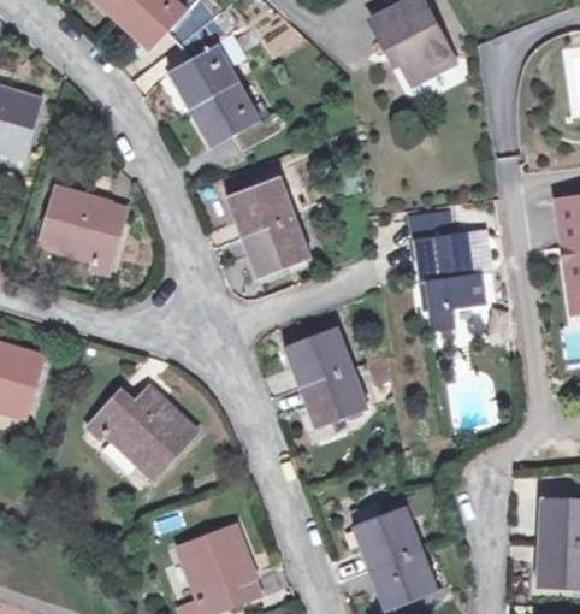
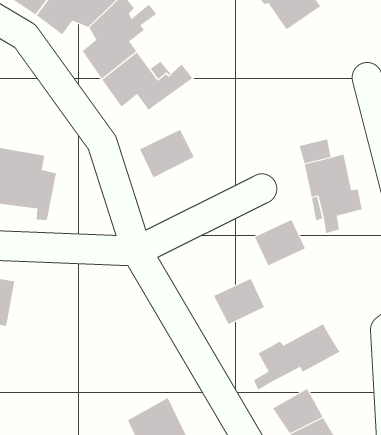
building: [237,219,304,276] -> none
building: [283,336,344,390] -> [254,219,306,266]
building: [94,380,193,460] -> none
building: none -> [253,323,340,391]

